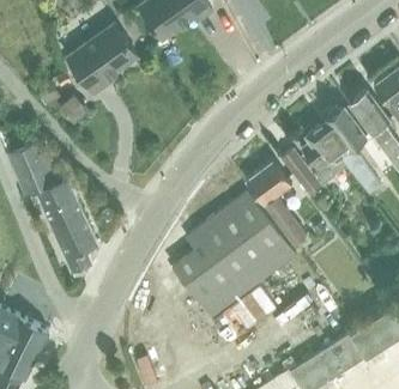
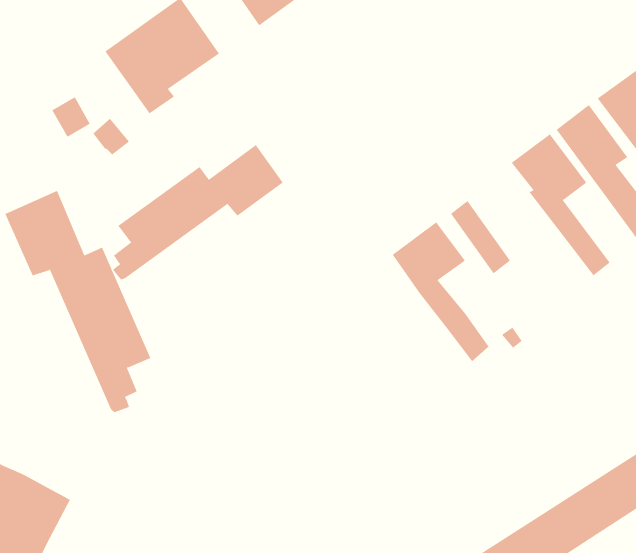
building: none -> [112,144,284,280]
building: [302,126,346,182] -> none
building: [171,192,295,318] -> none

